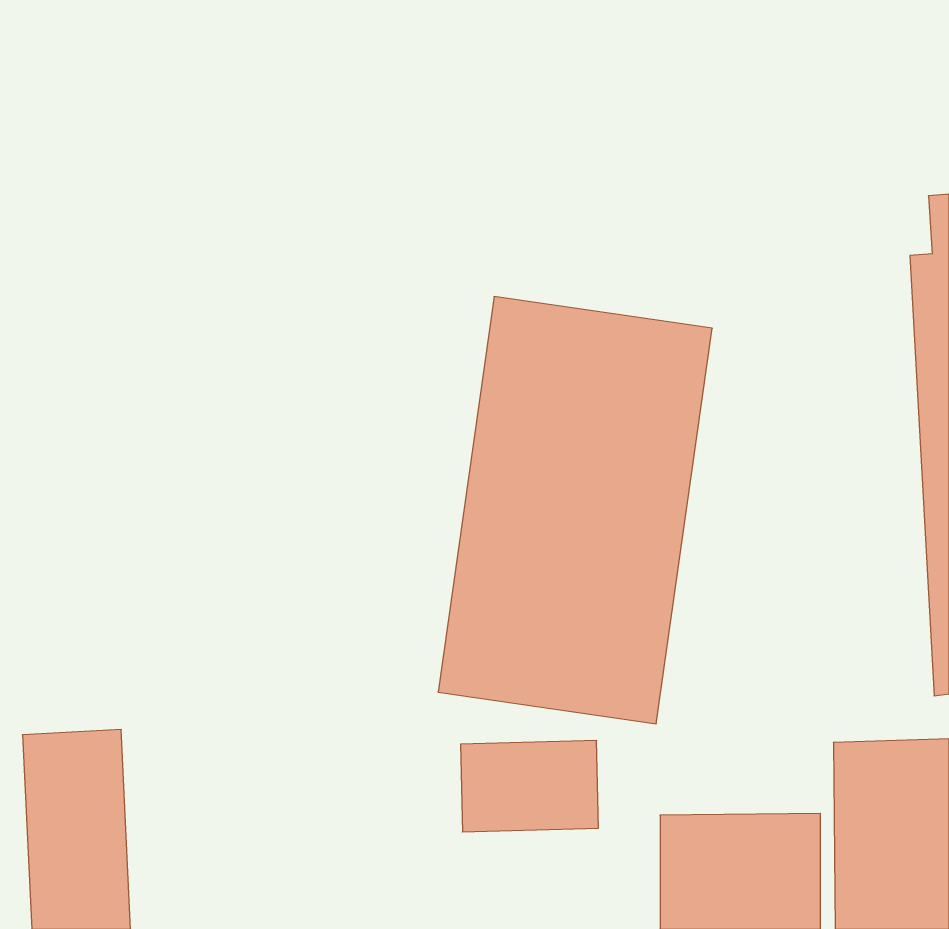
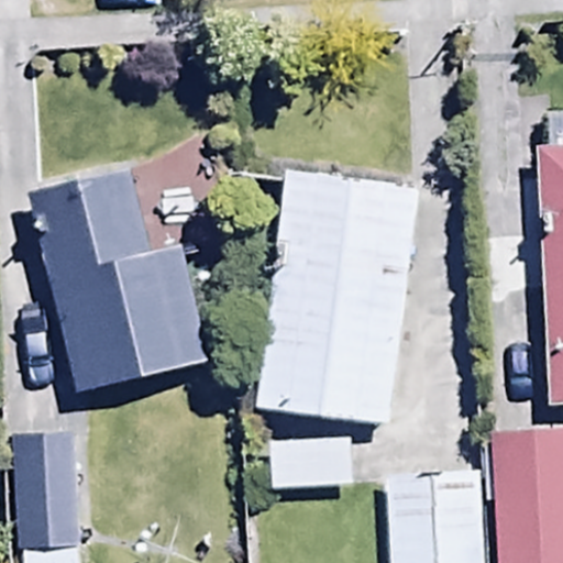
building: none -> [35,175,212,396]

